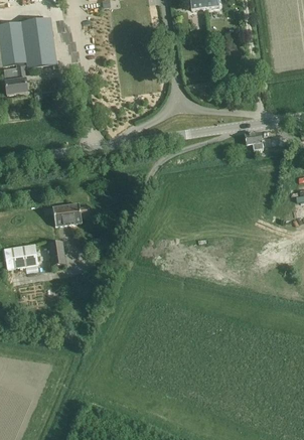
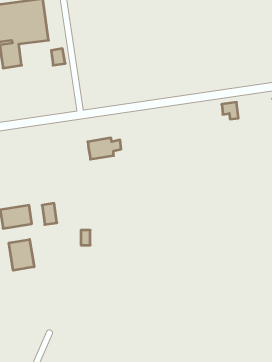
building: [52,201,89,225] -> [88,138,121,159]
building: none -> [9,239,34,270]

